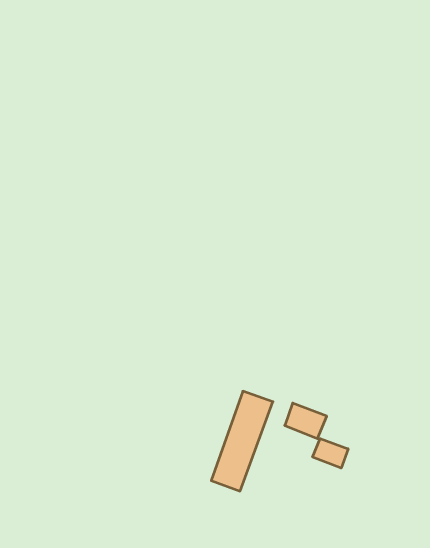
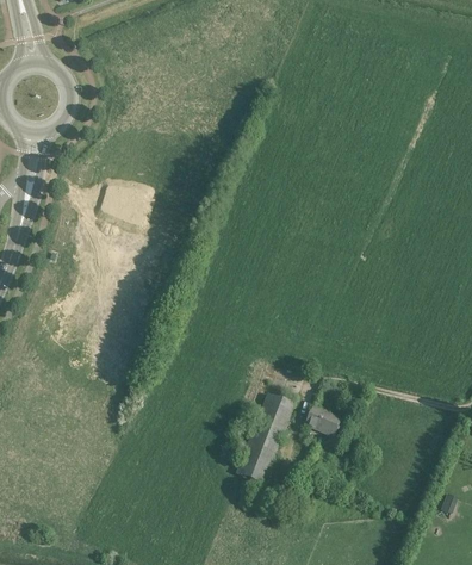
building: [313,439,348,468] -> none

